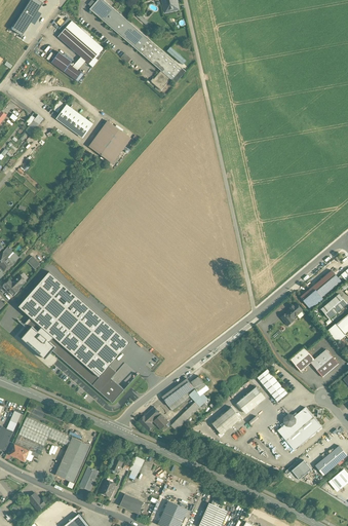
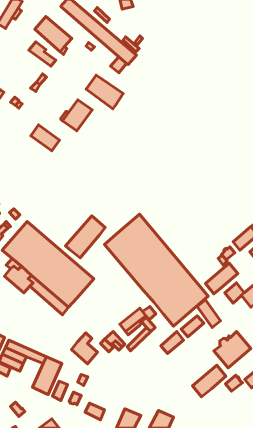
building: none -> [86,75,123,109]
building: [56,106,91,138] -> [31,125,60,151]
building: none -> [105,214,208,326]
building: none -> [66,216,105,258]
building: none -> [205,263,238,294]
building: [91,366,123,404] -> [72,333,98,364]
building: none -> [193,365,226,397]

